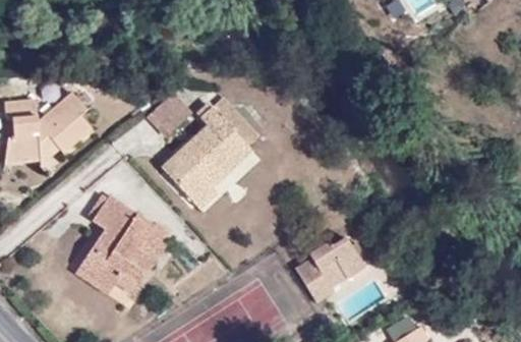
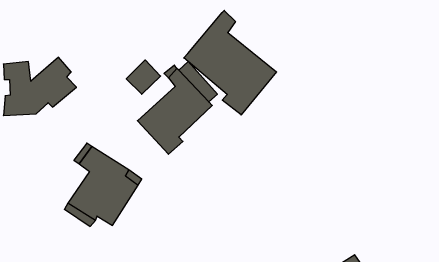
building: none -> [184,10,277,115]
building: [292,235,361,299] -> none

